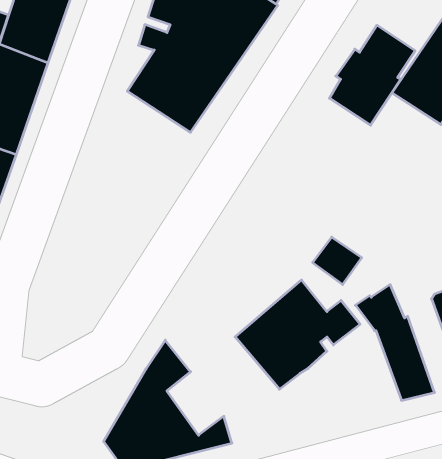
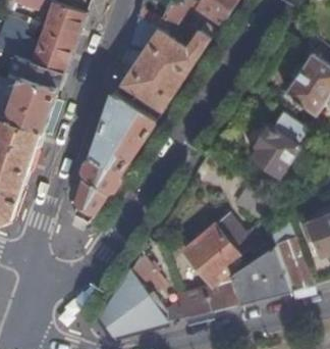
building: [329,25,415,125] -> [252,111,307,176]
building: none -> [71,90,155,221]
building: none -> [231,246,290,303]
building: none -> [174,273,234,318]

